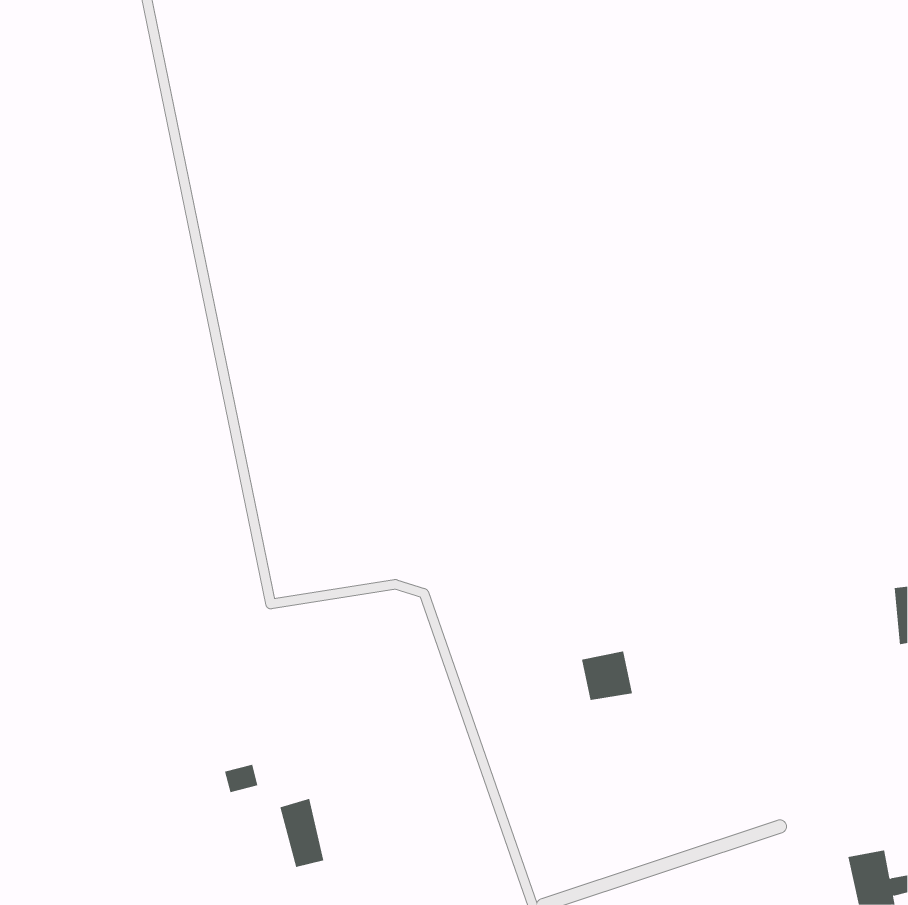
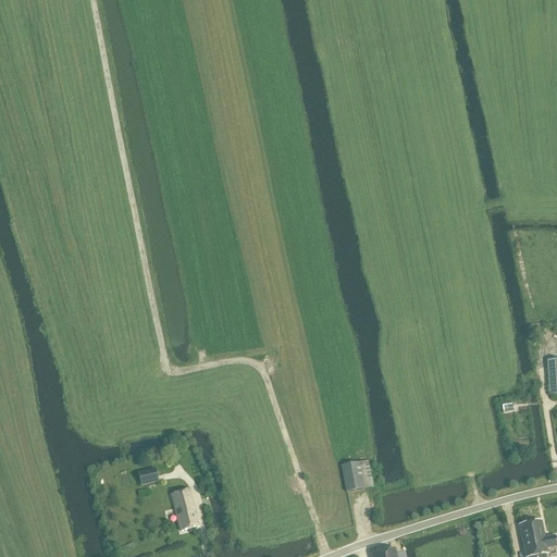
building: [581,651,633,701] -> [341,459,372,490]

